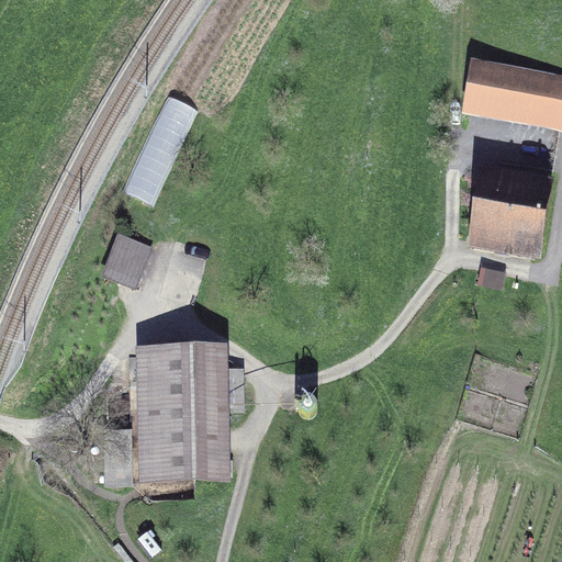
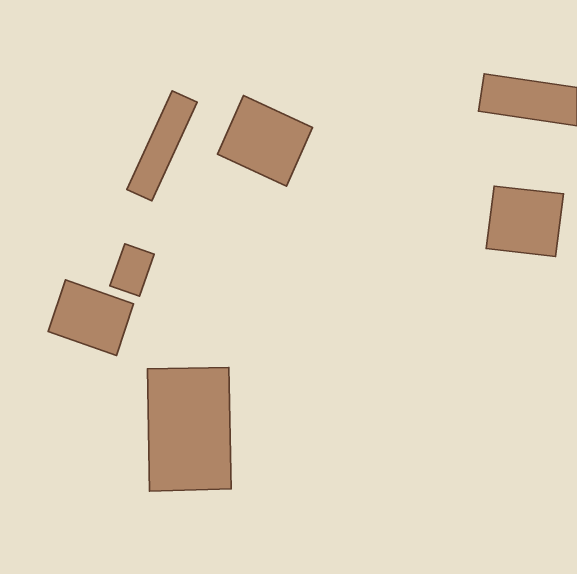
building: none -> [217,96,313,186]
building: none -> [48,280,134,355]

